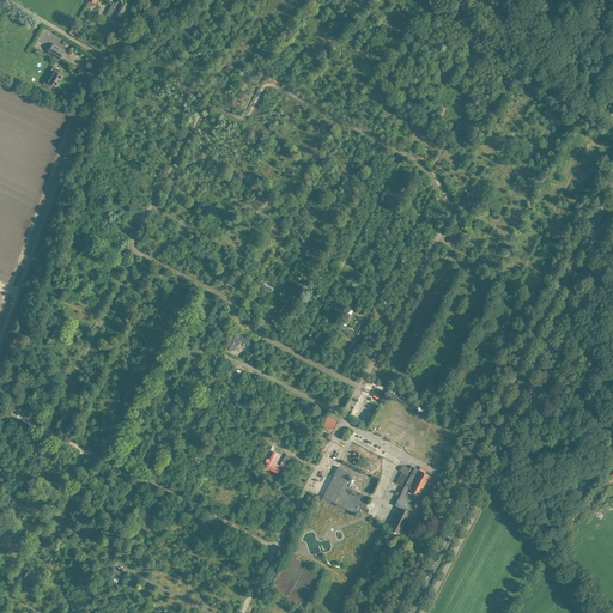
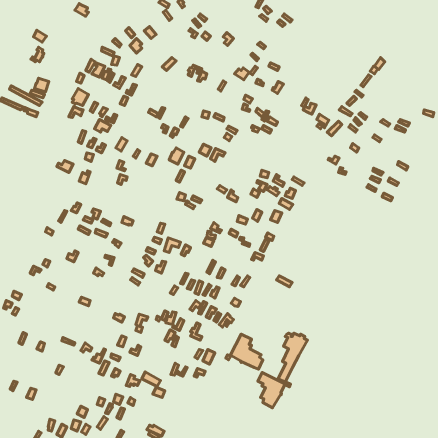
building: none -> [258,372,290,408]

